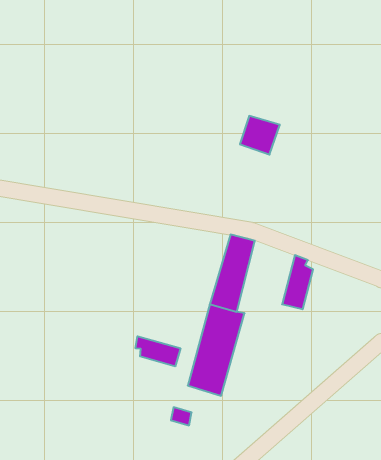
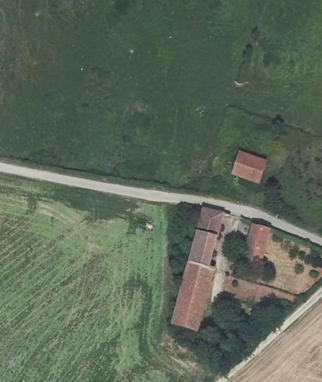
building: [240,116,280,155] -> [233,146,264,176]
building: [136,336,180,366] -> none

